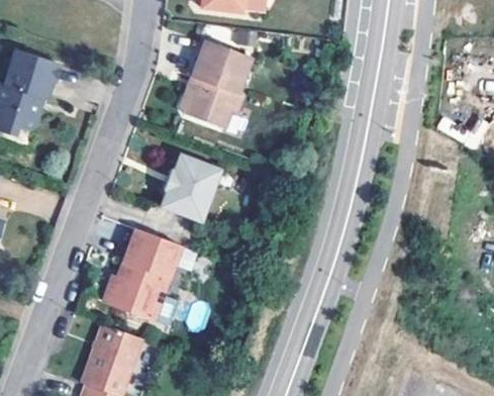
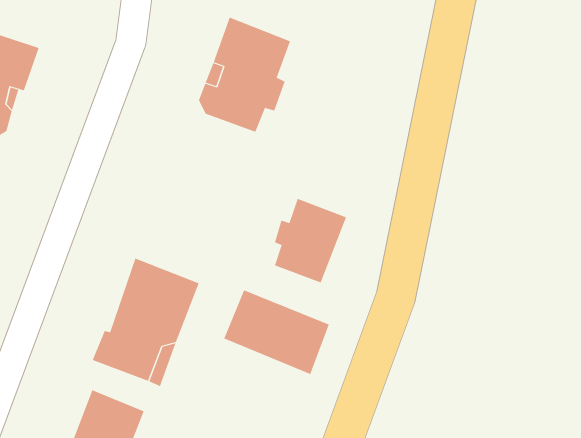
building: [164,155,218,218] -> [274,198,347,283]
building: none -> [224,290,329,375]

